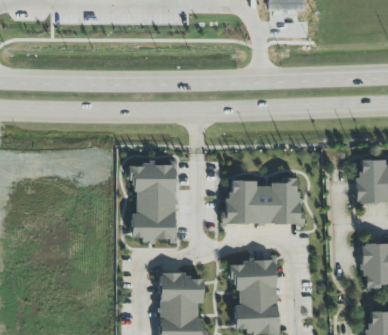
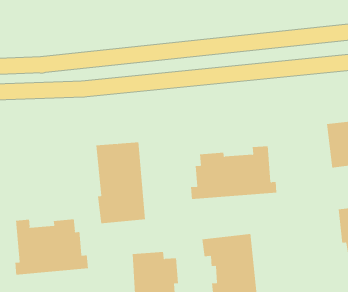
building: none -> [15,219,88,275]

